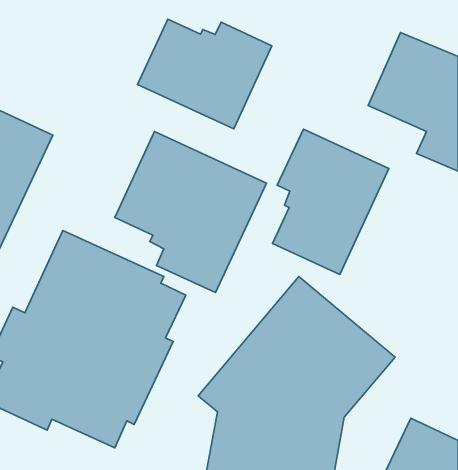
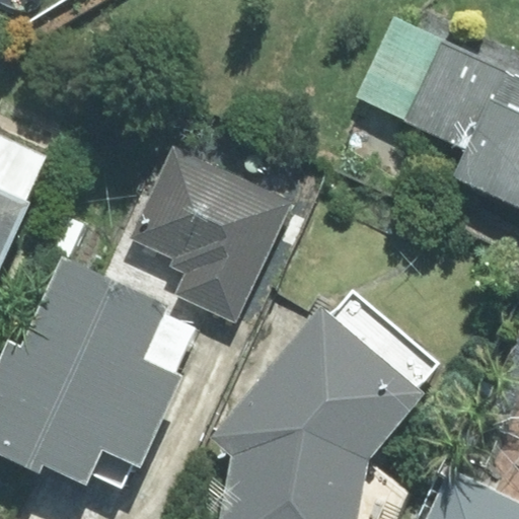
building: [138,19,272,129] -> none
building: [273,129,389,275] -> none

